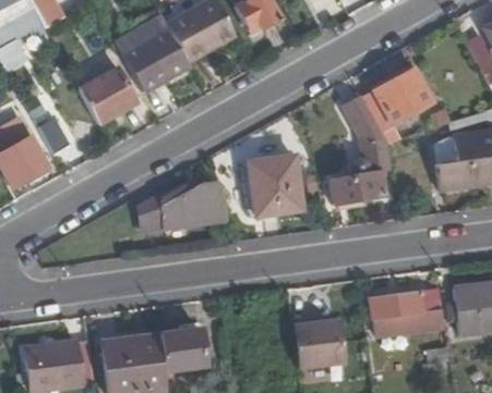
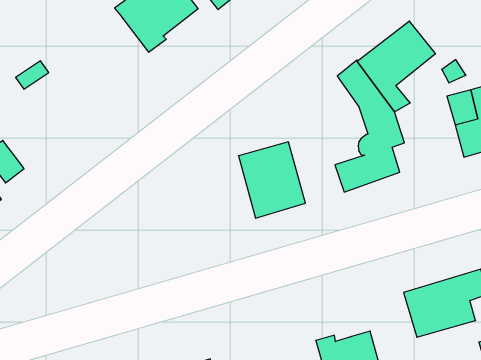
building: [115,27,189,93] -> none
building: [79,66,139,124] -> none
building: [136,181,228,230] -> none

